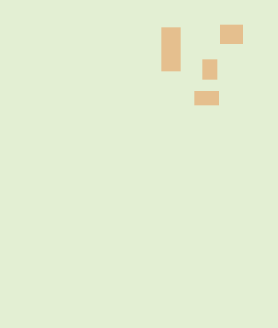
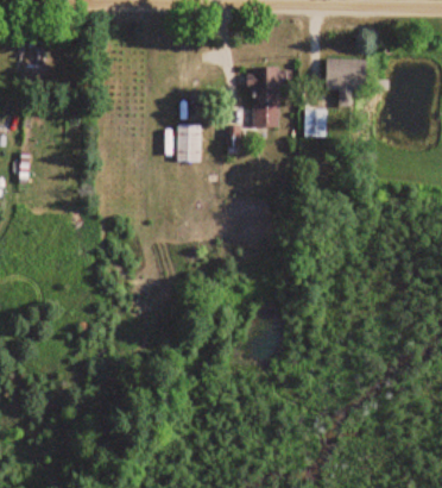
building: none -> [176,123,201,161]
building: [193,90,220,106] -> none

